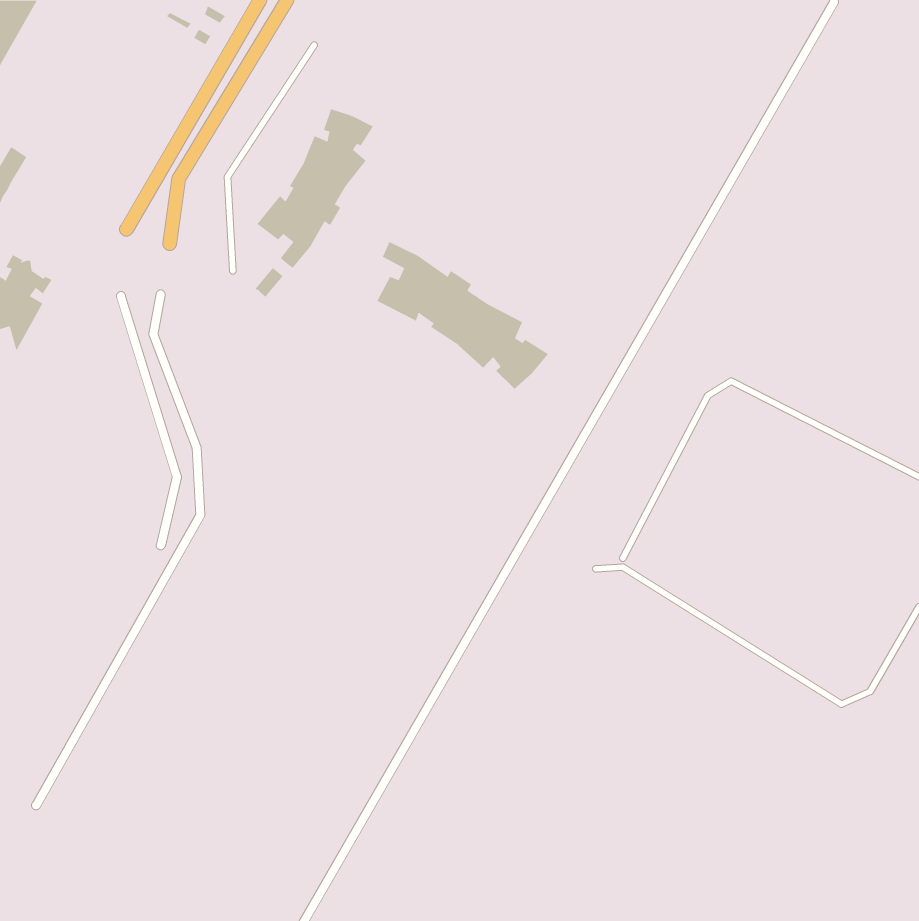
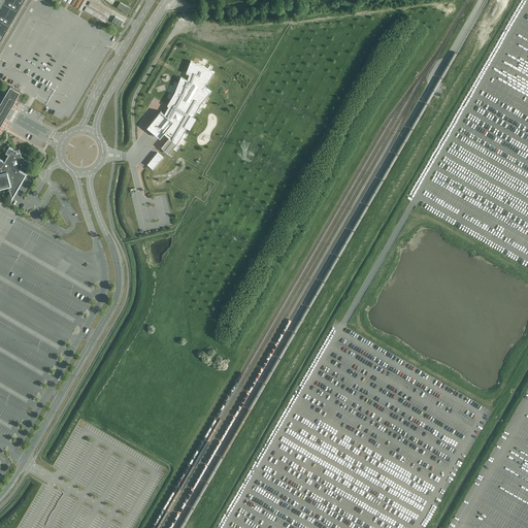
building: [377,241,549,390] -> none

